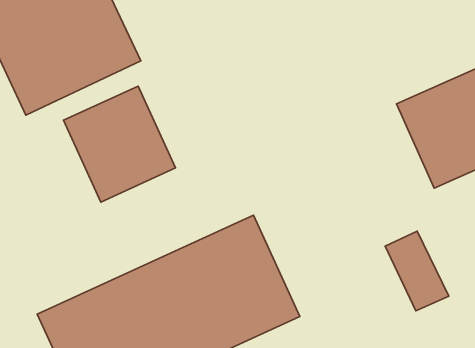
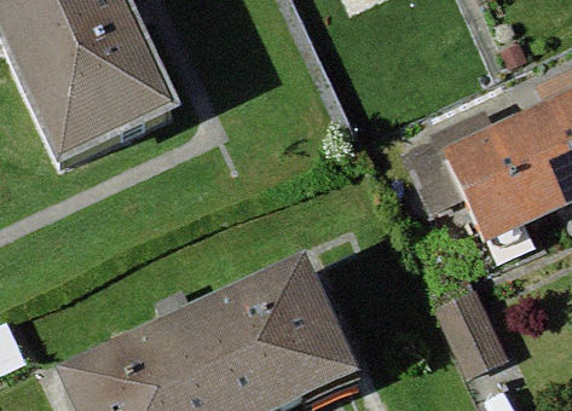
building: [63,86,175,202] -> none

